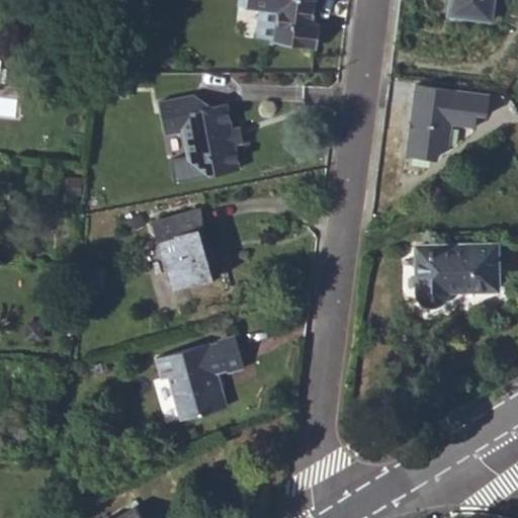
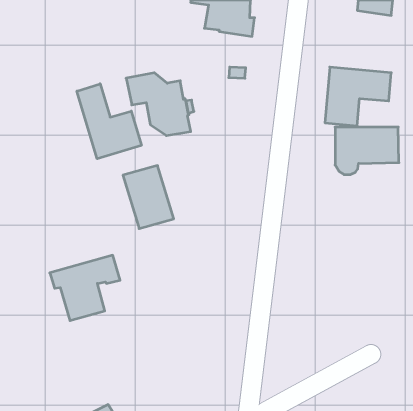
building: none -> [77,84,141,159]
building: [417,245,497,305] -> [335,127,399,175]
building: [156,338,244,420] -> [50,255,120,321]

